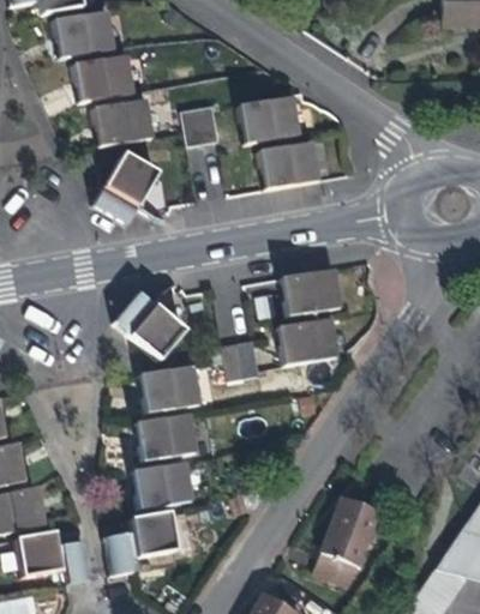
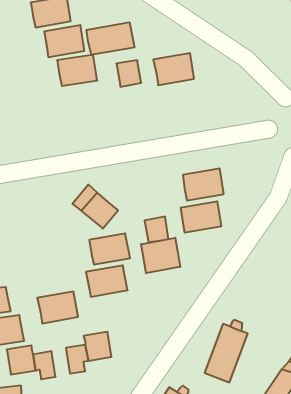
building: none -> [86,22,134,55]
building: [258,142,319,188] -> none
building: [94,154,155,222] -> none
building: none -> [141,238,180,273]
building: [132,462,193,510] -> [37,291,78,323]

